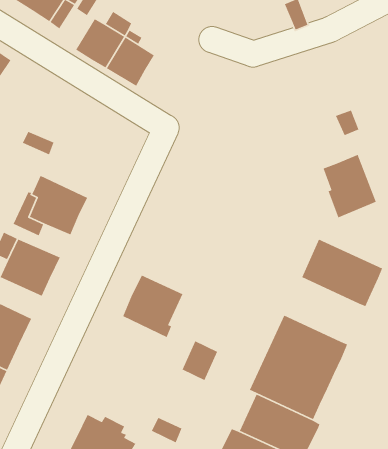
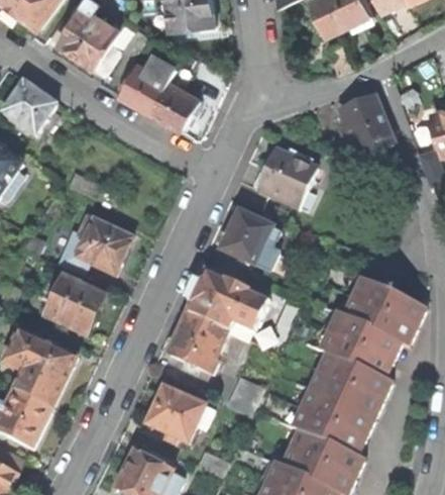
building: none -> [254,148,315,210]
building: [322,154,377,218] -> [336,96,390,160]
building: none -> [219,213,277,273]
building: none -> [186,272,266,332]
building: none -> [319,312,400,379]
building: none -> [143,387,211,443]

